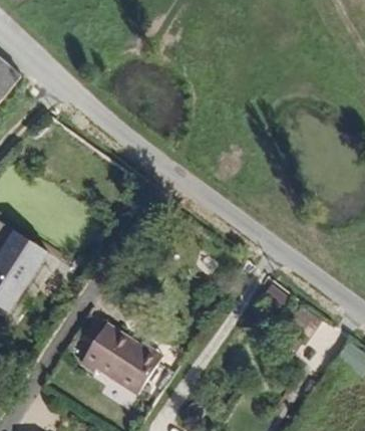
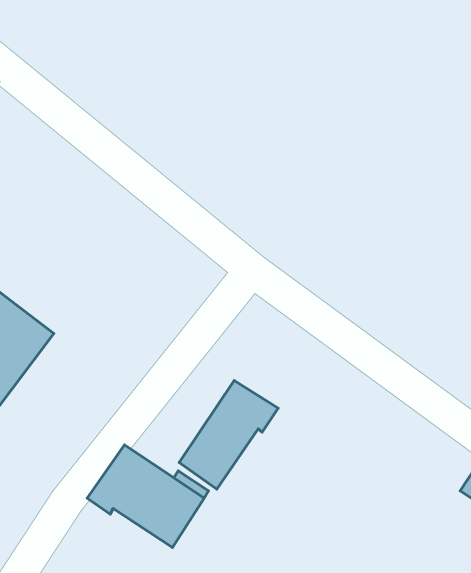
building: none -> [179,380,278,489]

